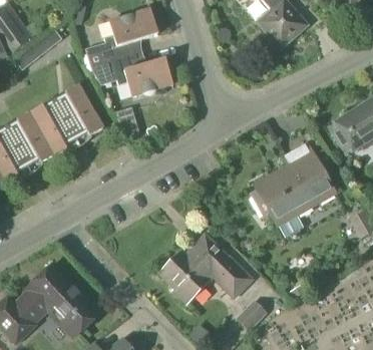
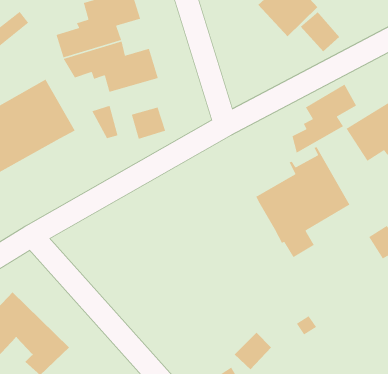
building: none -> [300,11,340,52]
building: none -> [292,84,357,154]
building: none -> [131,107,166,140]
building: [160,235,252,302] -> none

